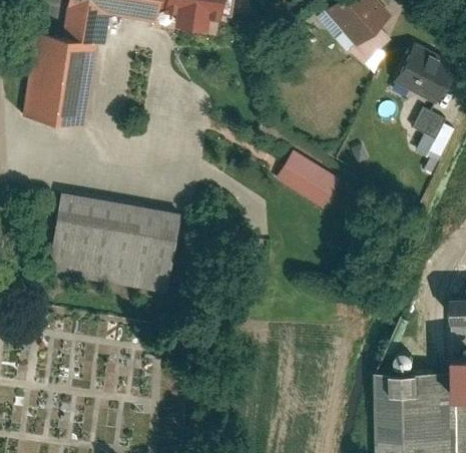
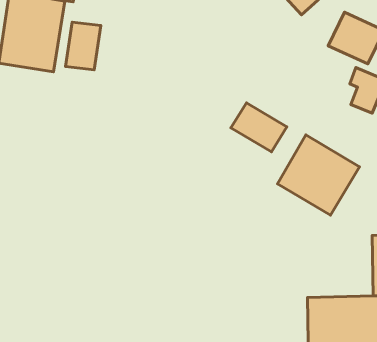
building: none -> [65,22,101,70]
building: [42,191,175,291] -> none
building: none -> [277,135,359,215]

